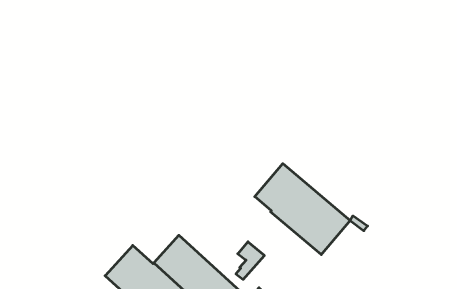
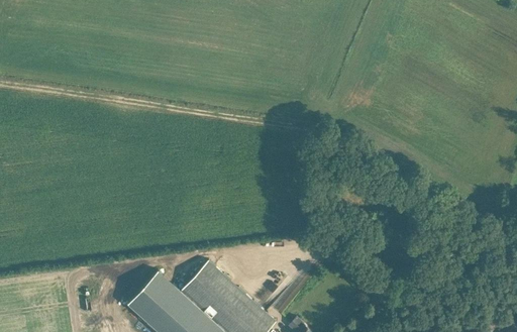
building: [255,164,350,255] -> none

